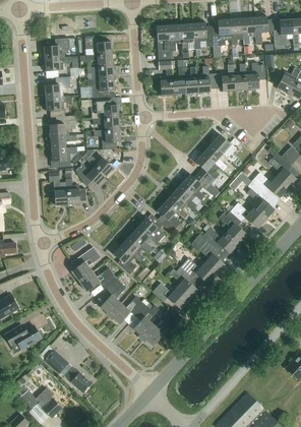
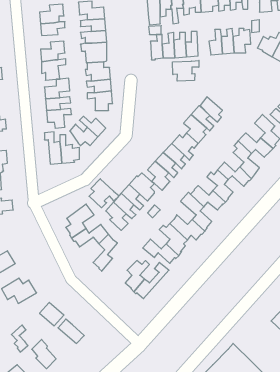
building: none -> [173,60,199,81]
building: none -> [89,179,119,208]
building: [109,296,145,323] -> none

